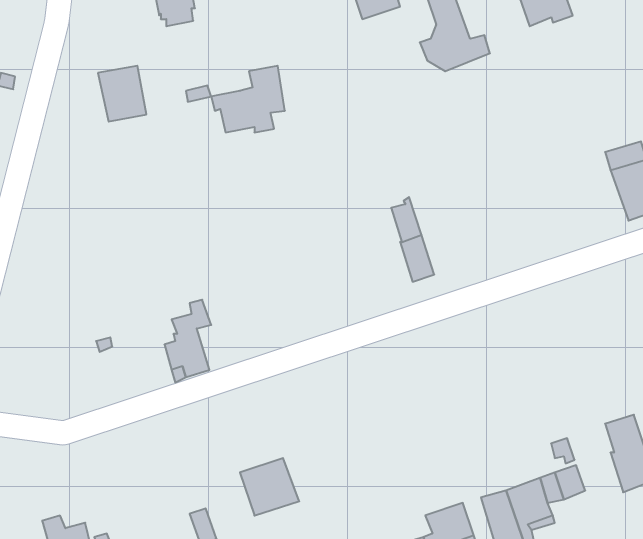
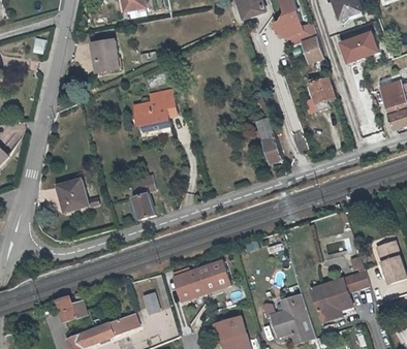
building: none -> [341,32,381,66]
building: none -> [302,36,325,66]
building: [211,66,285,132] -> [132,88,175,126]
building: none -> [307,75,334,110]
building: none -> [60,179,87,212]
building: none -> [195,257,228,290]

